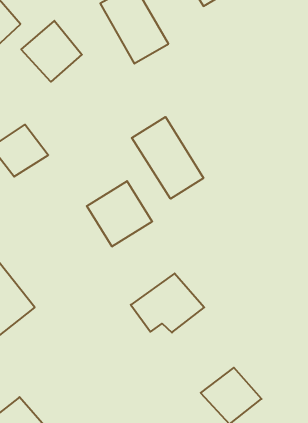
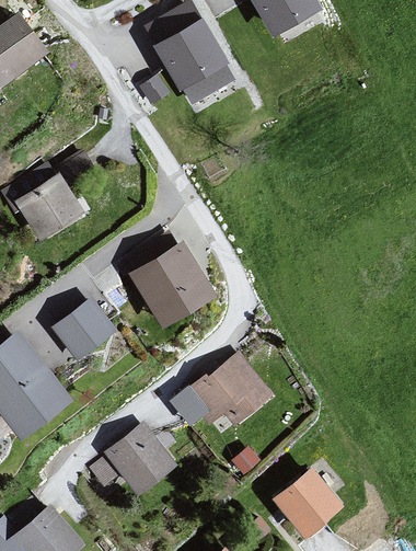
building: [21,21,82,82] -> none
building: [132,117,203,199] -> none
building: none -> [53,299,112,356]
building: none -> [104,426,177,497]

